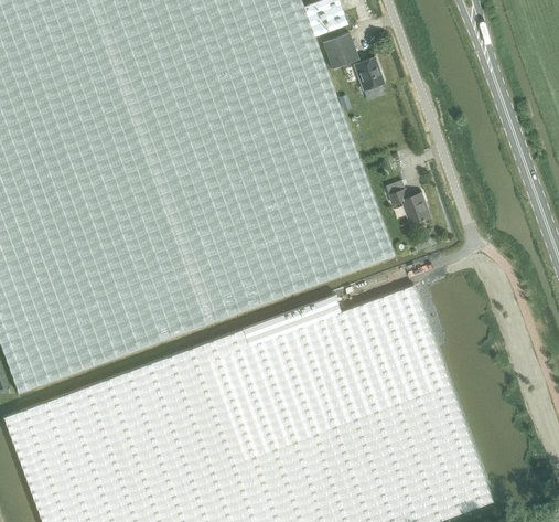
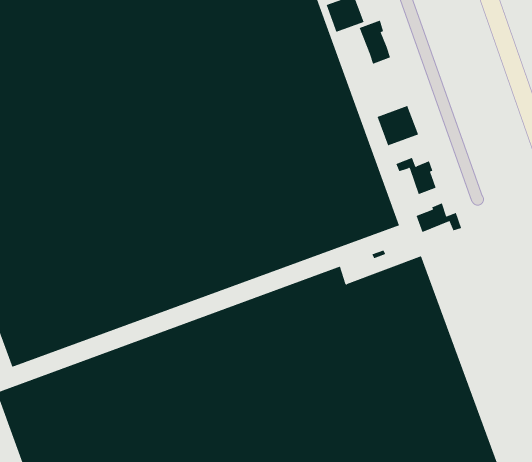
building: none -> [377,105,419,146]
building: none -> [416,202,462,233]

